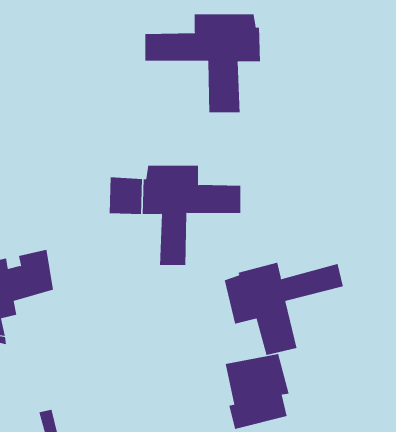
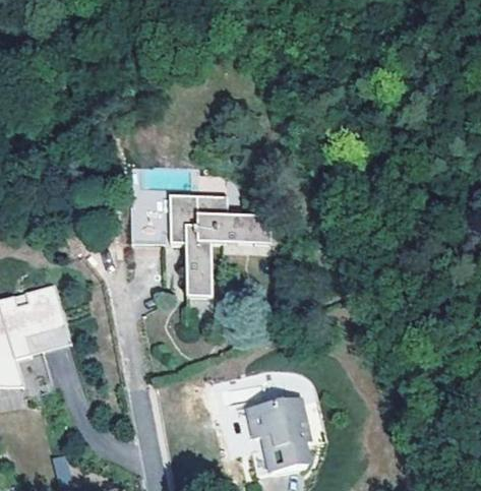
building: [145,13,261,113] -> none
building: [224,262,343,356] -> none

